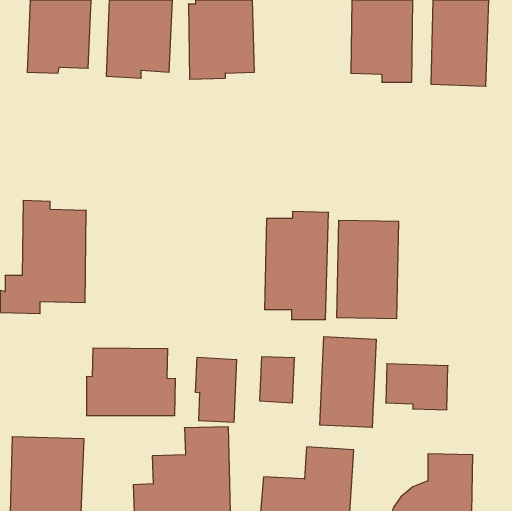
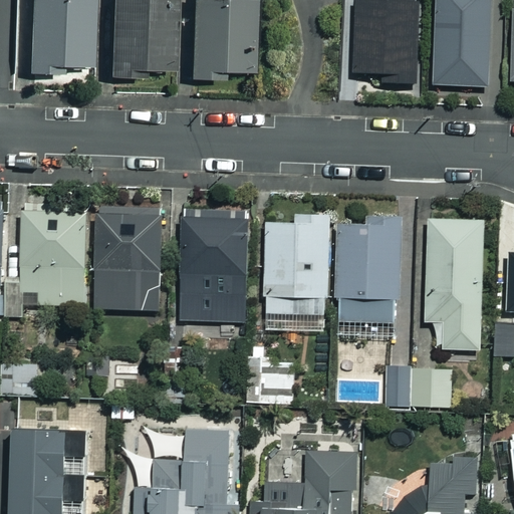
building: none -> [96,208,161,307]
building: none -> [182,208,249,317]
building: none -> [427,218,484,345]
building: [320,337,376,428] -> none
building: [87,348,175,416] -> none
building: [196,357,236,422] -> none

